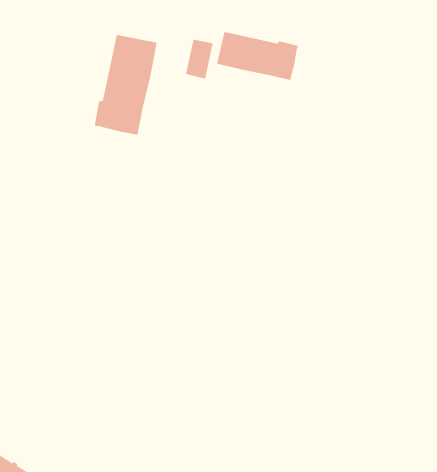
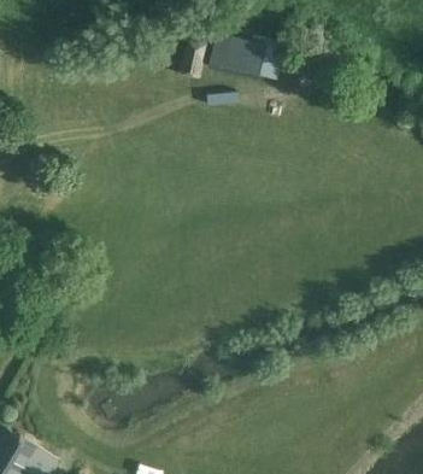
building: [94,34,157,135] -> none

